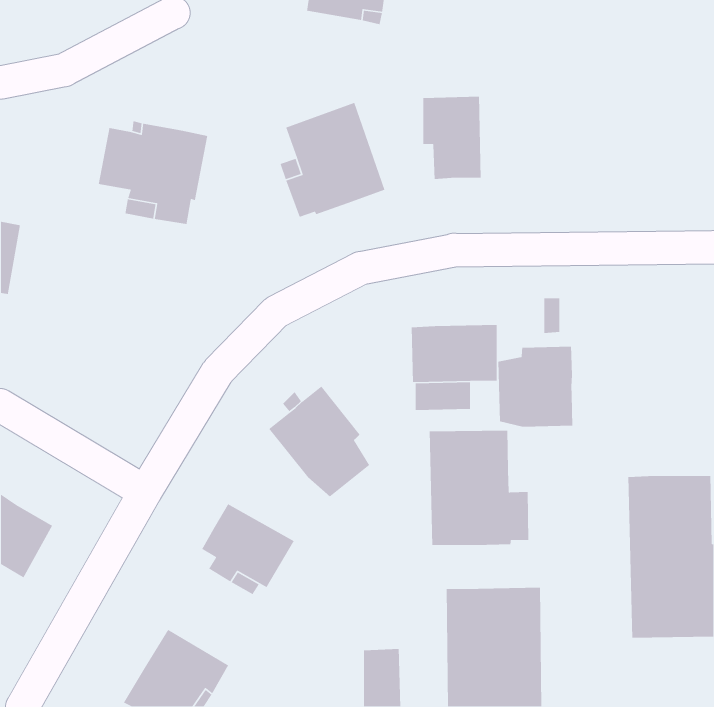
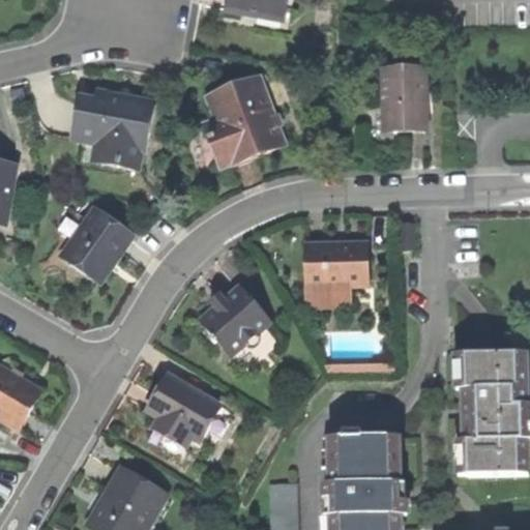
building: [423,96,481,180] -> [384,67,428,129]
building: none -> [51,207,134,288]
building: [497,346,573,427] -> none
building: [429,430,529,546] -> none

